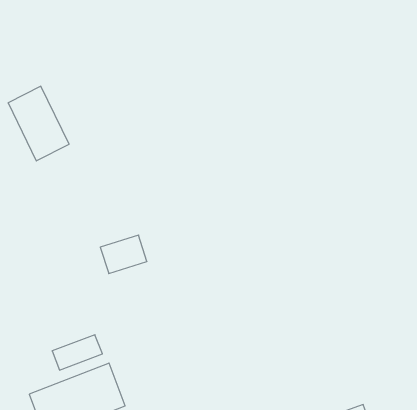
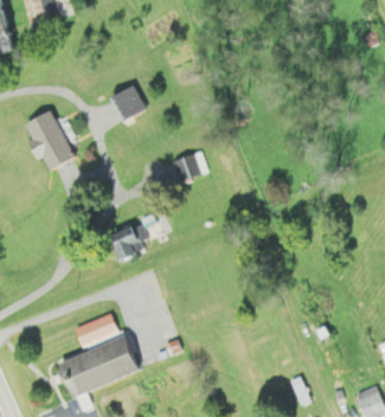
building: none -> [107,83,147,122]
building: none -> [171,153,201,182]

